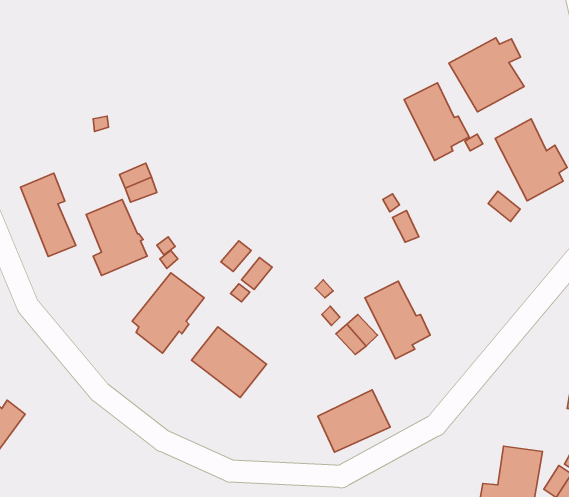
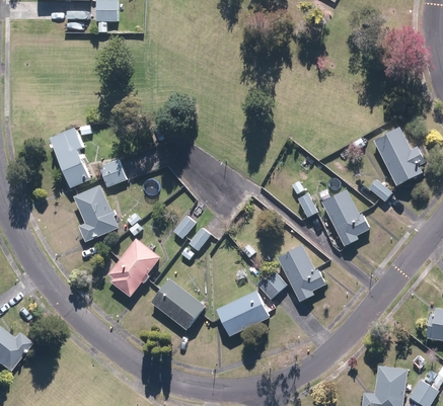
building: [449,38,524,112] -> none
building: [404,83,469,161] -> [322,189,370,246]
building: [20,173,76,256] -> [50,128,90,188]
building: [318,390,390,452] -> [217,291,270,336]

